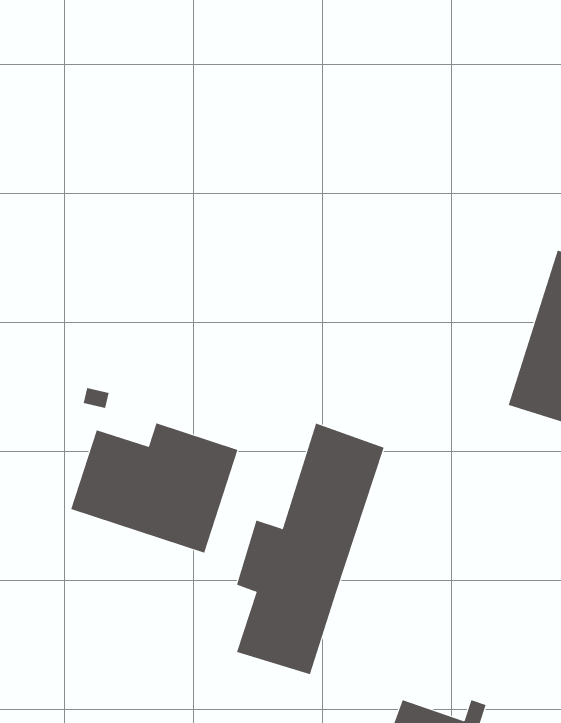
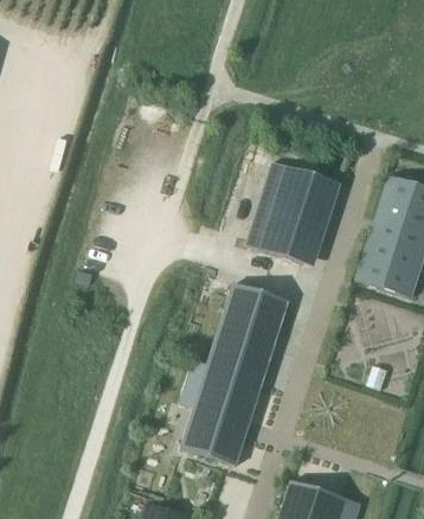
building: none -> [249,166,335,265]
building: [70,423,238,553] -> none

